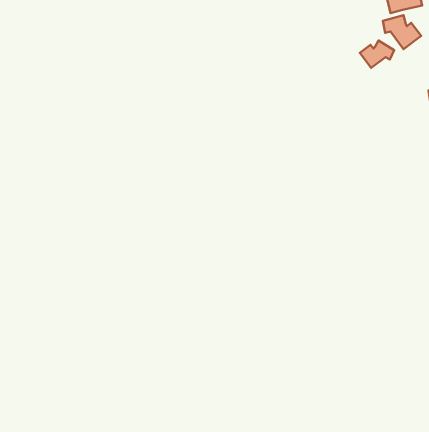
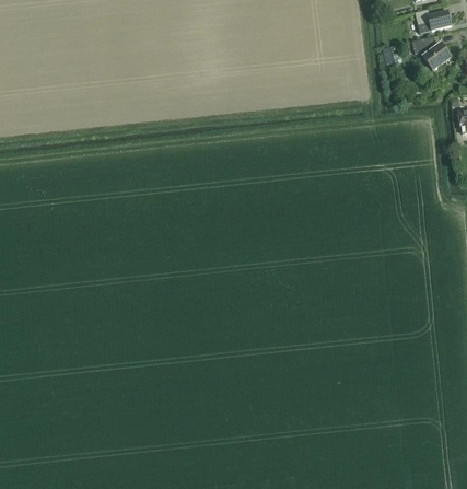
building: [360,41,394,68] -> none

